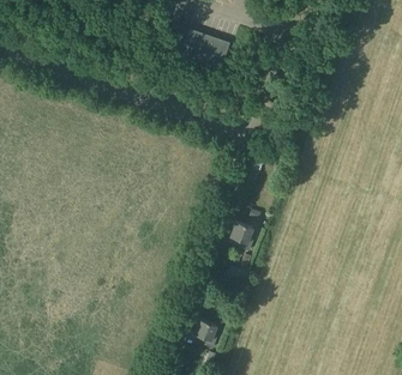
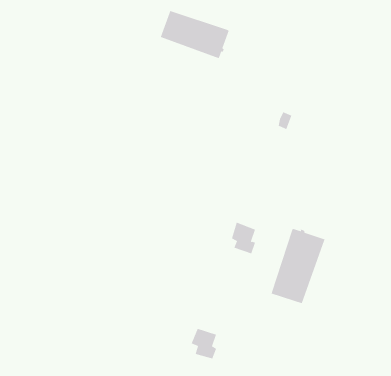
building: none -> [270,228,326,305]

